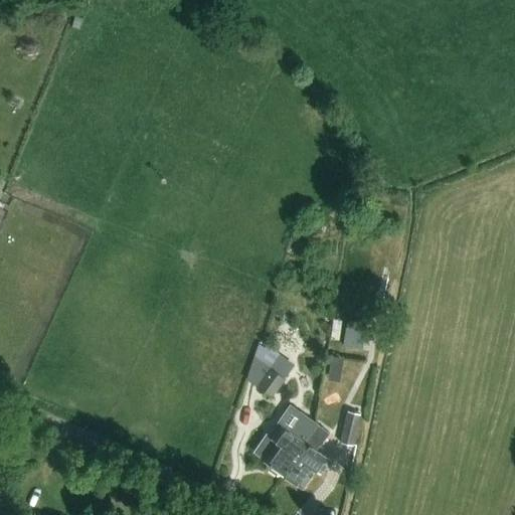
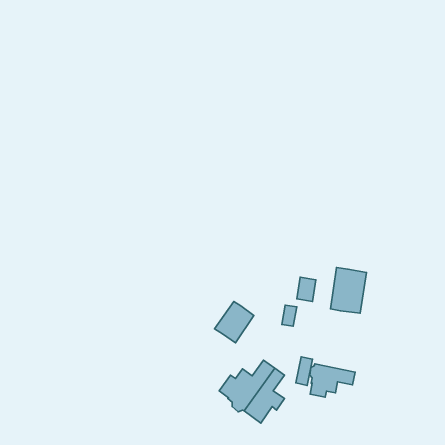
building: none -> [331,267,367,313]
building: none -> [310,364,355,397]

